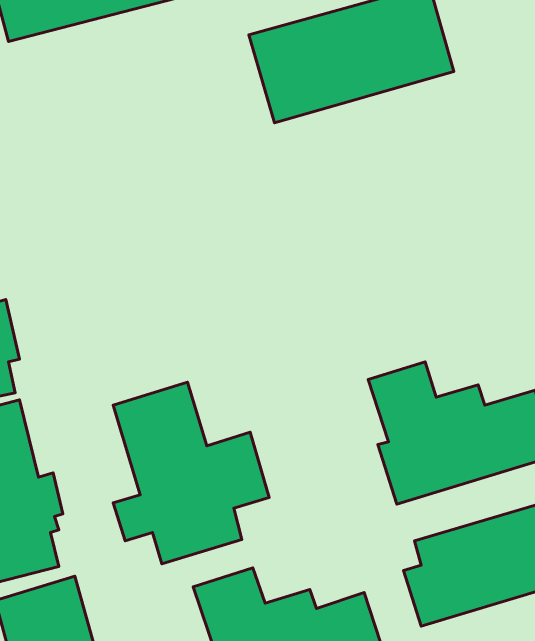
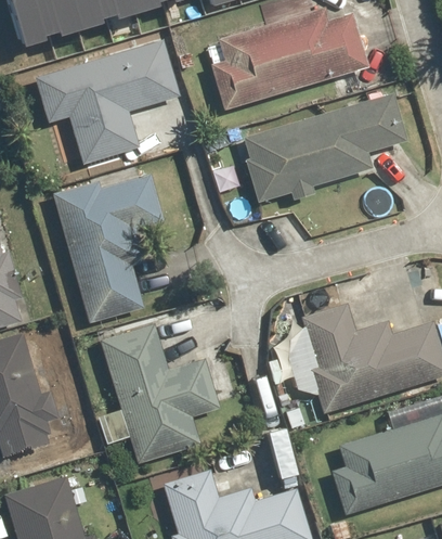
building: none -> [37,38,181,165]
building: none -> [240,91,408,205]
building: none -> [52,174,169,322]

